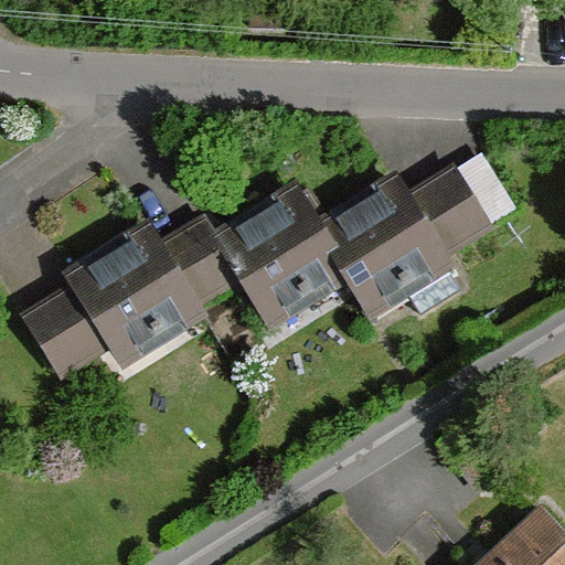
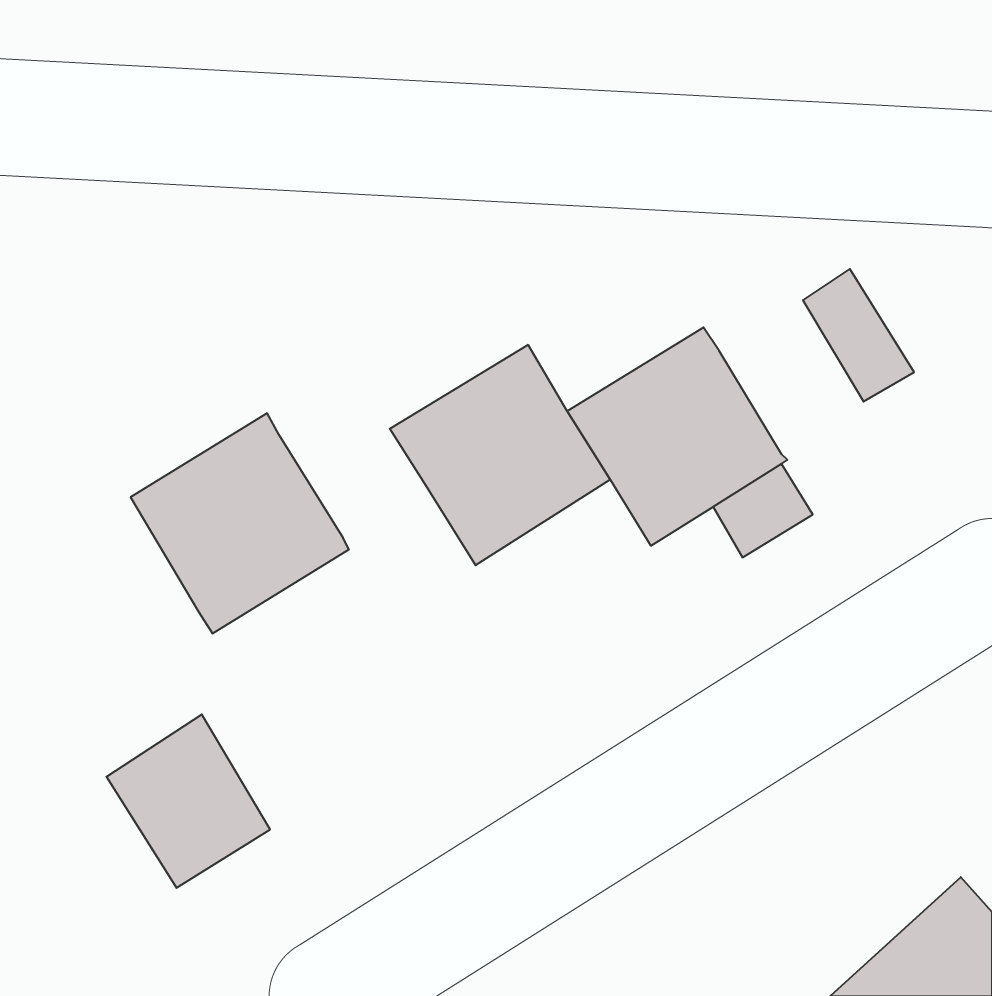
building: [407,170,489,257] -> none
building: [158,217,242,305] -> none
building: [20,281,113,380] -> [106,714,270,888]

